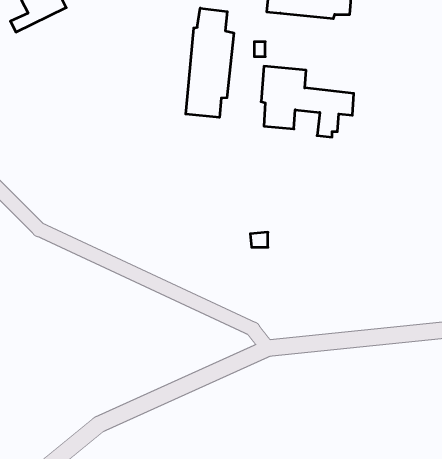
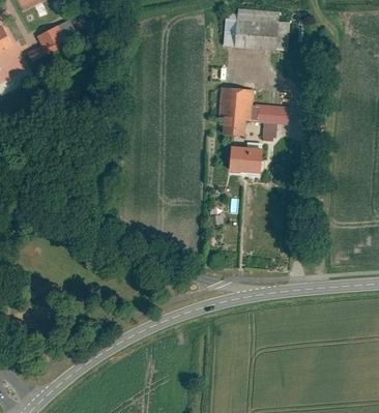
building: [186,8,234,117] -> none
building: none -> [229,147,263,176]

